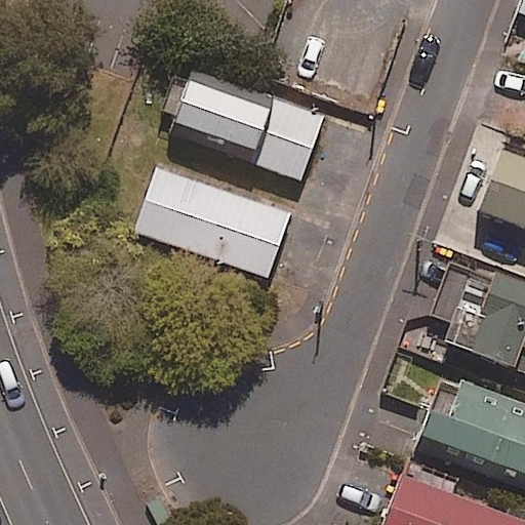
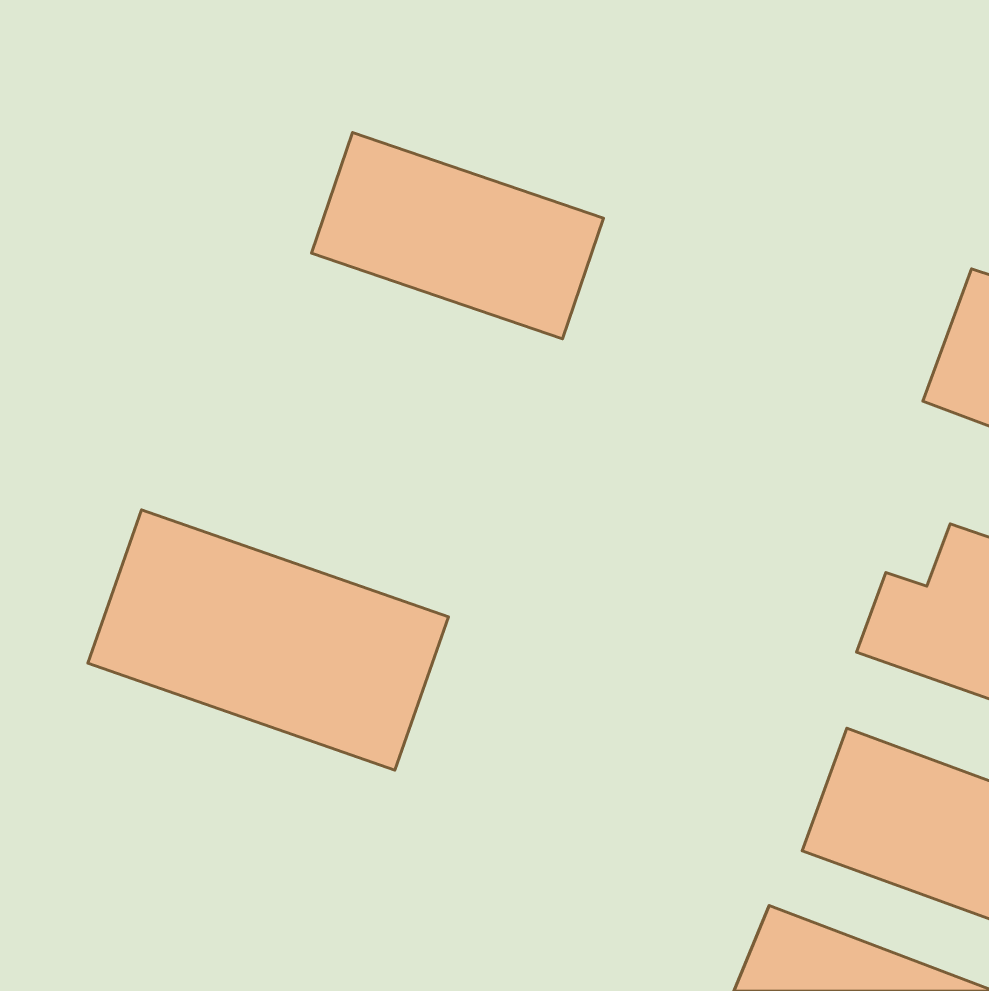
building: [132,165,290,278] -> none
building: none -> [88,510,449,770]

